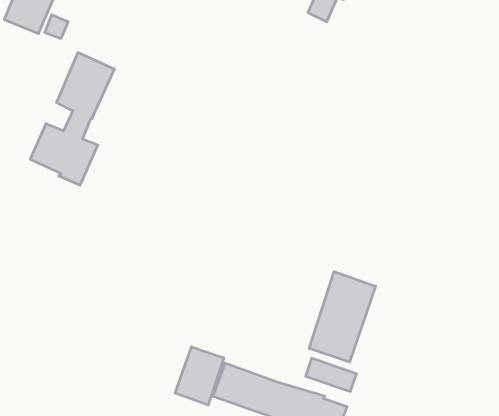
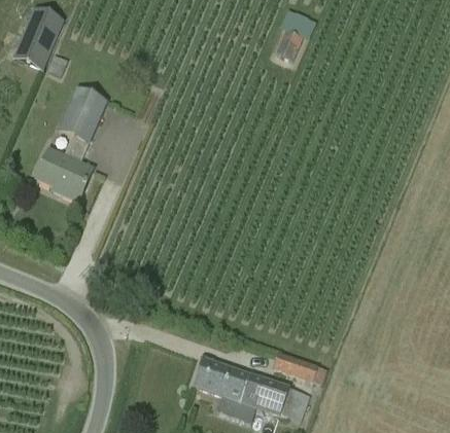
building: [309,272,376,362] -> none
building: [175,347,224,405] -> none

